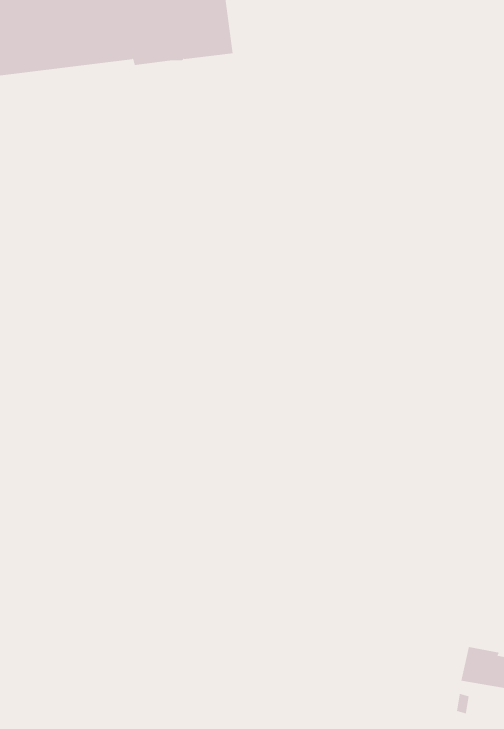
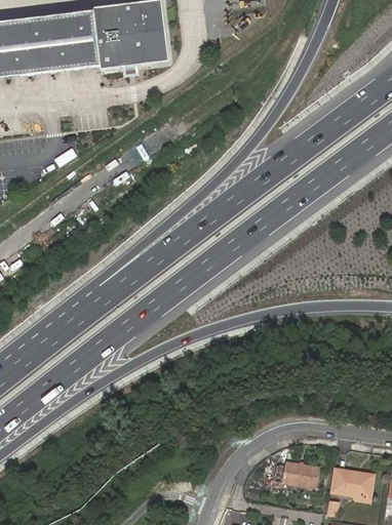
building: none -> [273,457,318,482]

